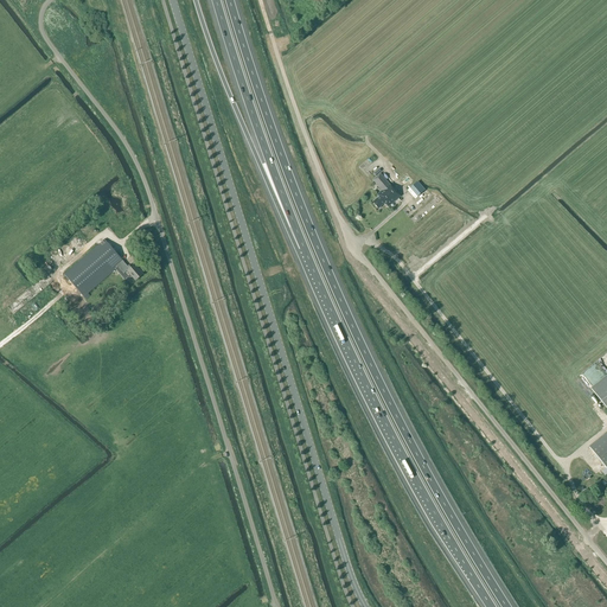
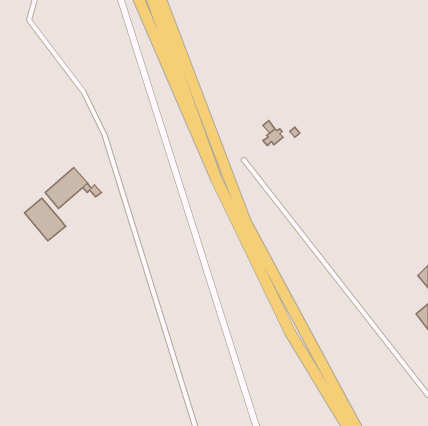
building: none -> [25,198,66,241]

